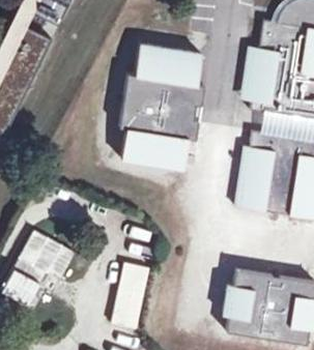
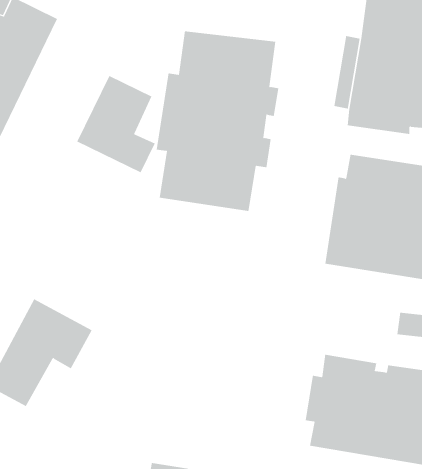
building: none -> [76,75,155,173]
building: [111,264,151,333] -> none

